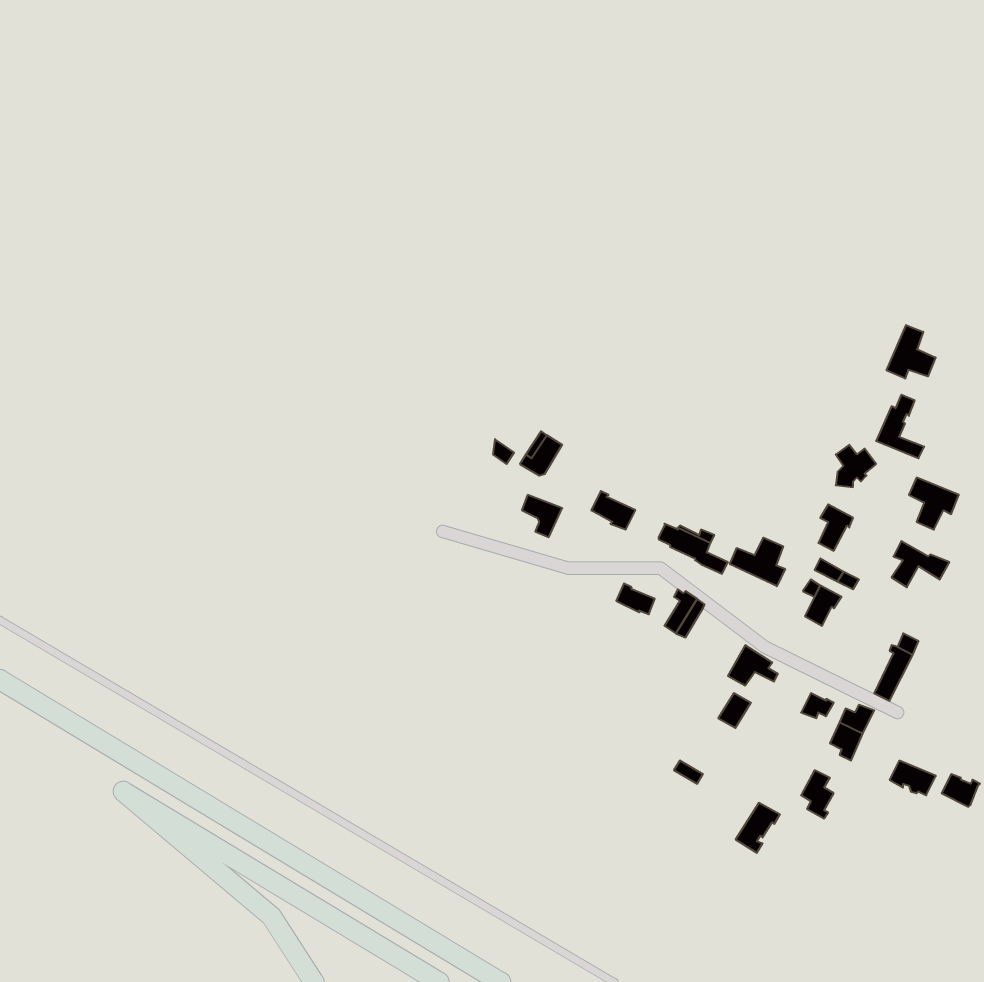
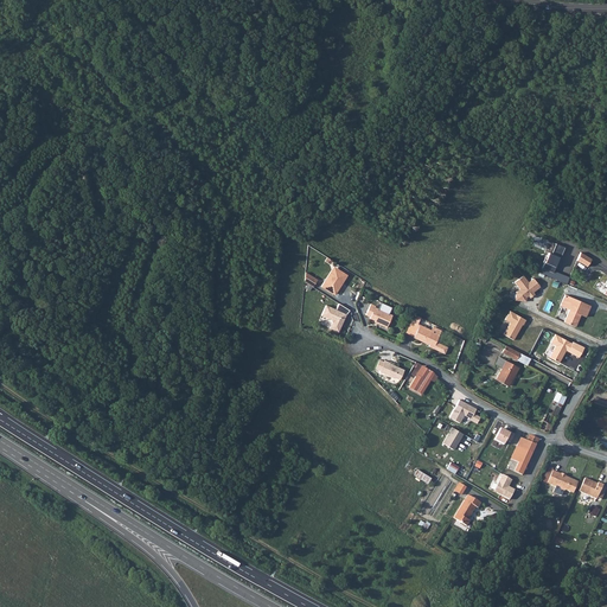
building: [887,325,936,379] -> none
building: [730,538,785,586] -> none

